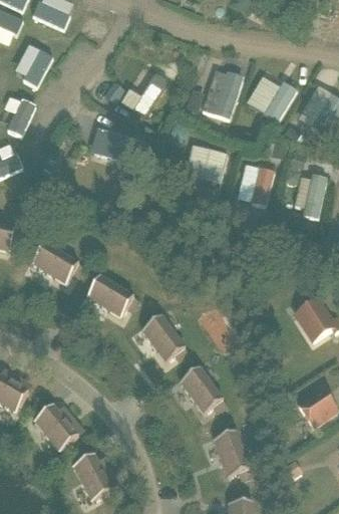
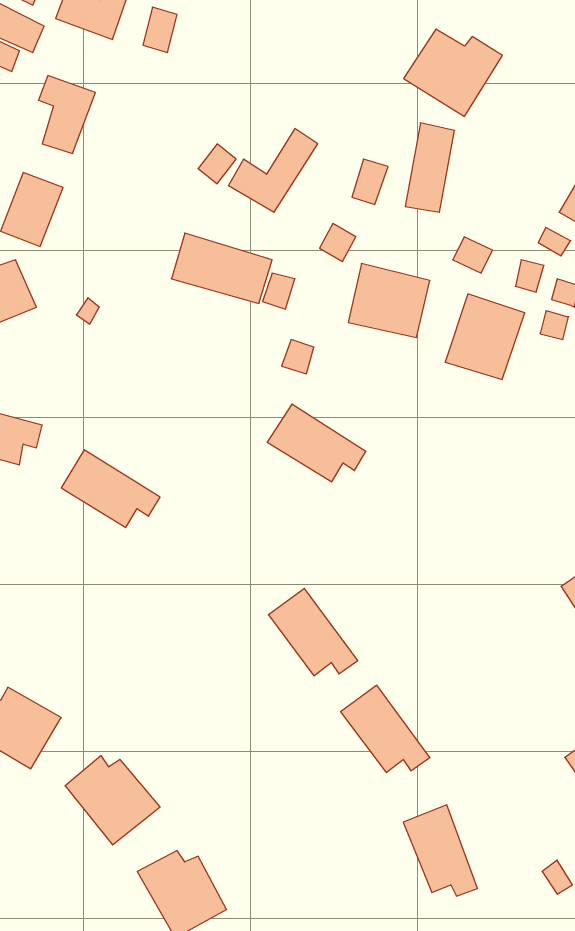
building: [245,75,297,121] -> [404,29,502,116]
building: [87,276,139,317] -> [267,404,366,482]

